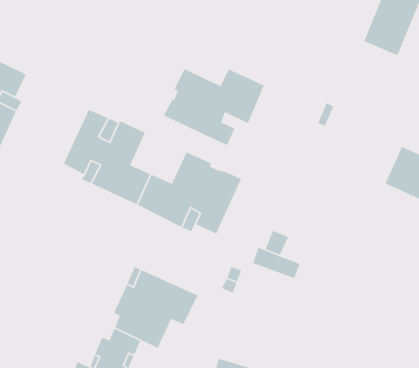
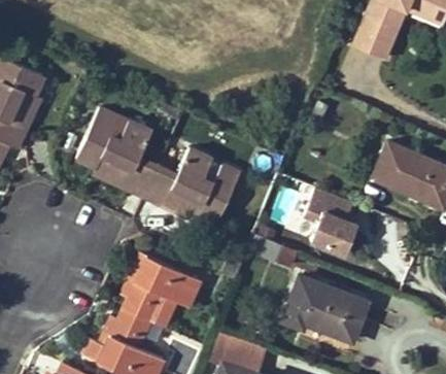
building: [163,68,265,146] -> none
building: none -> [302,191,355,254]
building: none -> [282,277,367,342]

